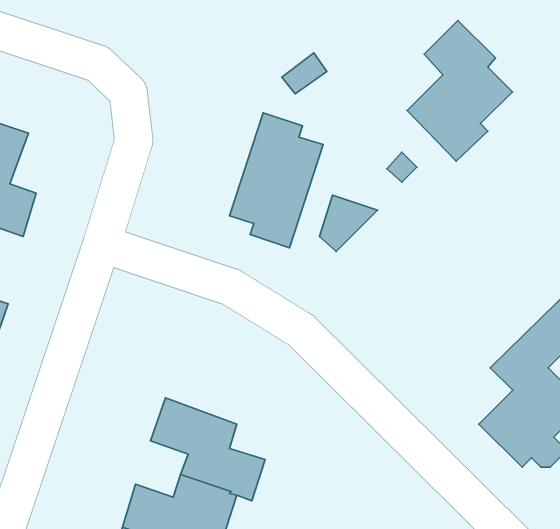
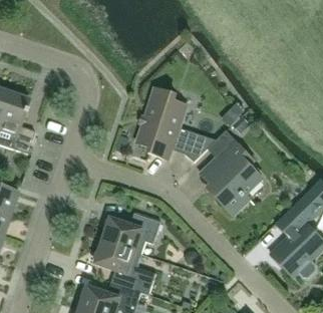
building: [407,20,512,161] -> [207,139,263,215]
building: none -> [102,213,160,254]

